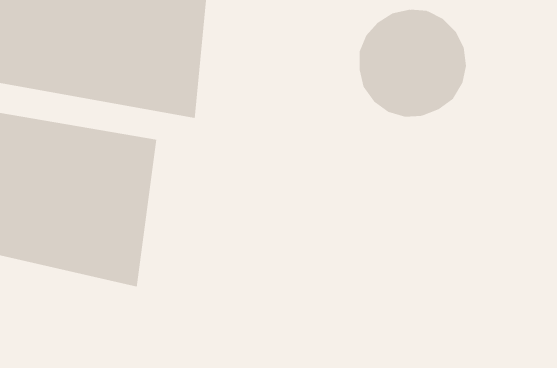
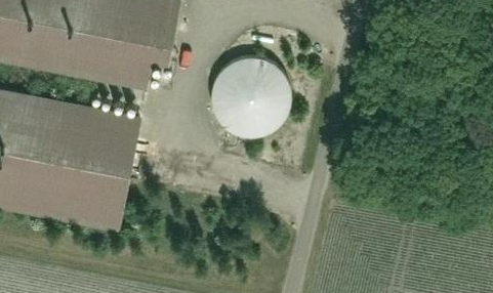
building: [359,9,467,117] -> [207,52,291,136]

